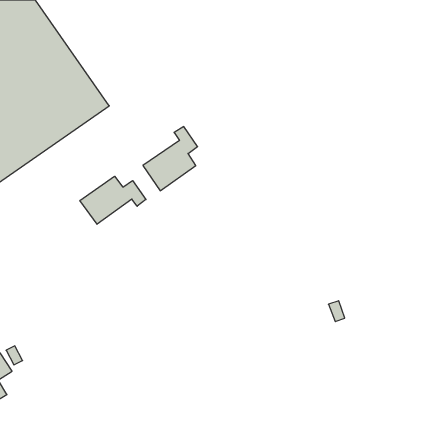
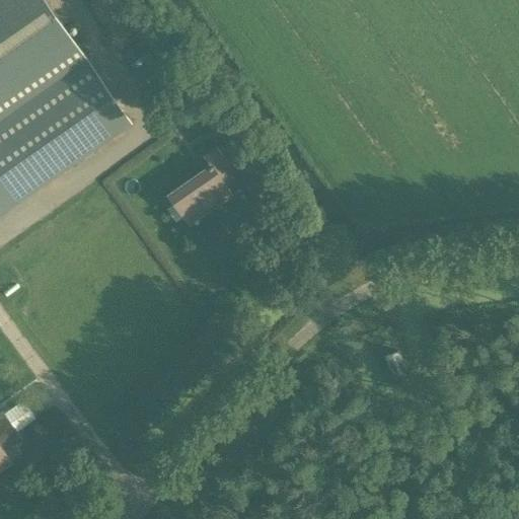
building: [80,176,146,224] -> none

